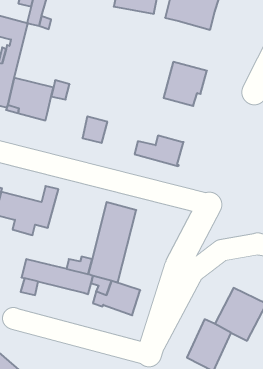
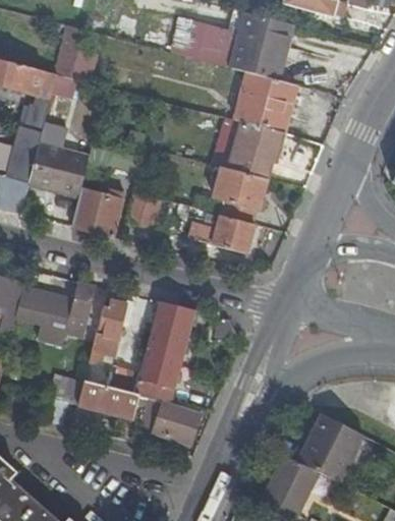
building: none -> [235,71,297,134]
building: none -> [214,167,267,225]
building: none -> [72,189,123,237]
building: none -> [90,300,134,361]

